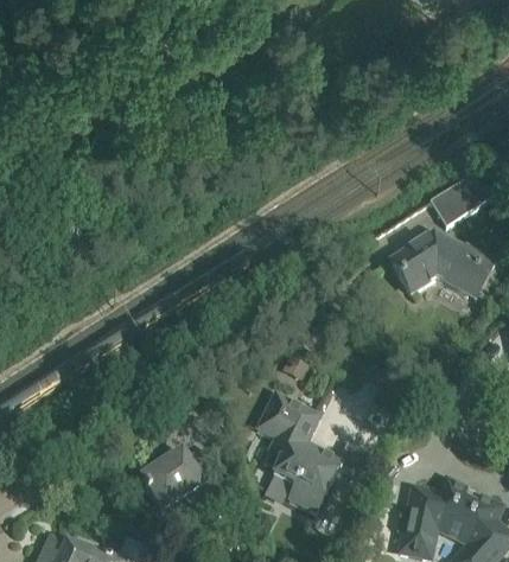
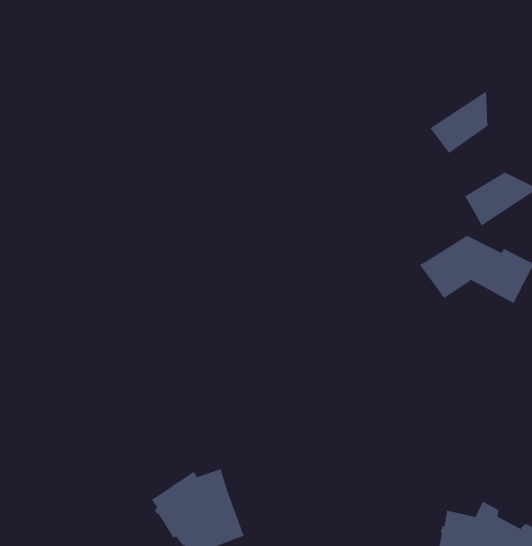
building: none -> [430,90,488,154]
building: [256,392,375,511] -> none

